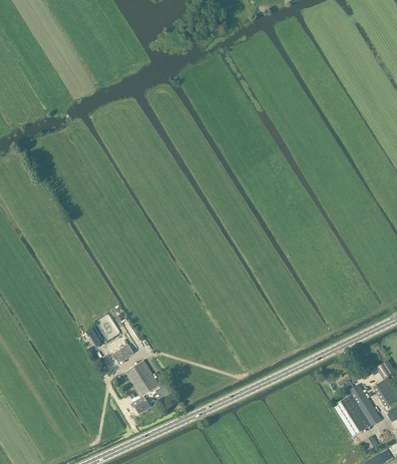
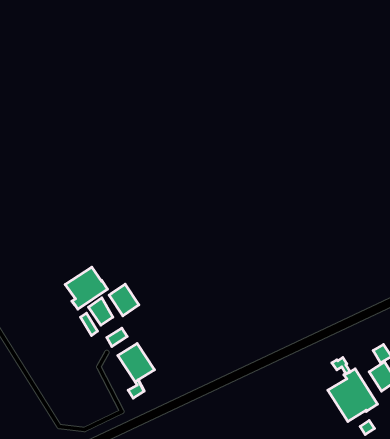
building: none -> [65,267,108,309]
building: none -> [109,284,139,316]

